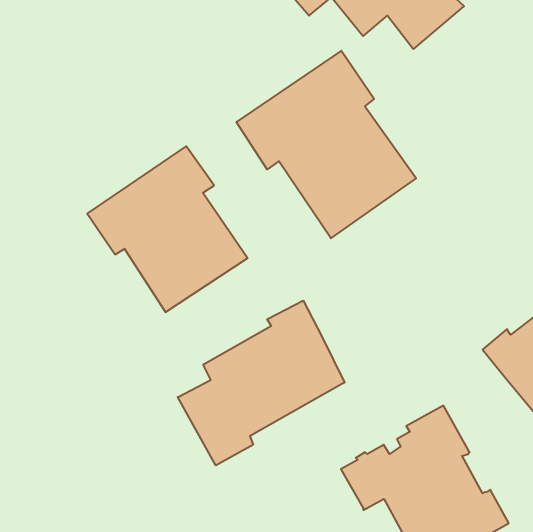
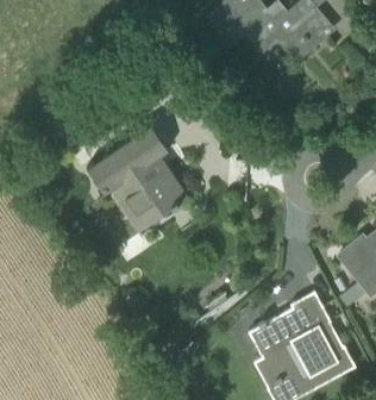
building: [236,51,416,238] -> none
building: [178,301,345,465] -> none

